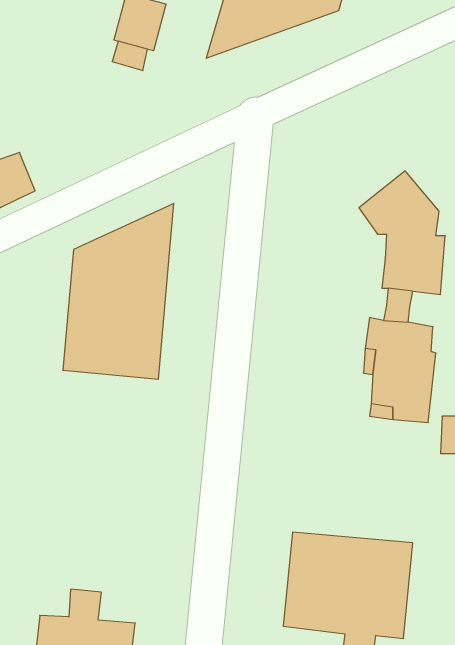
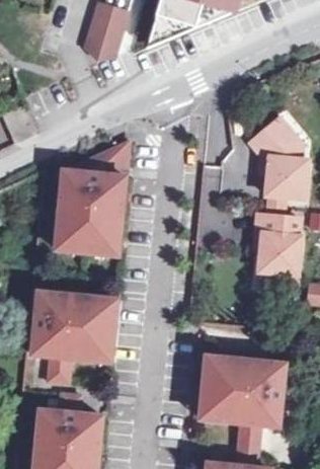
building: none -> [32,293,117,384]

